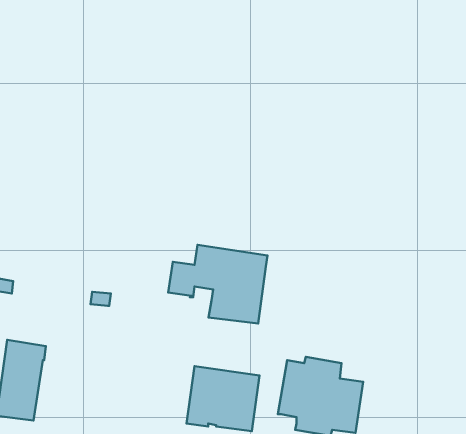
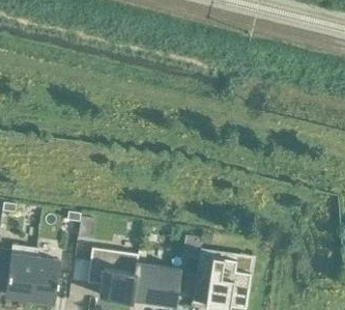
building: [168,245,267,324] -> [71,249,138,302]
building: none -> [29,259,59,304]

